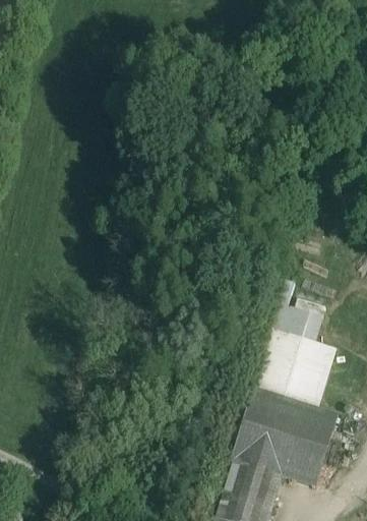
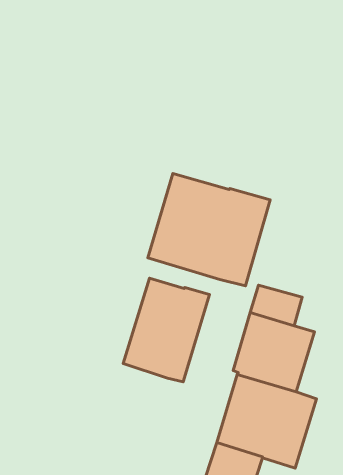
building: none -> [148,174,270,286]
building: none -> [123,278,210,382]

